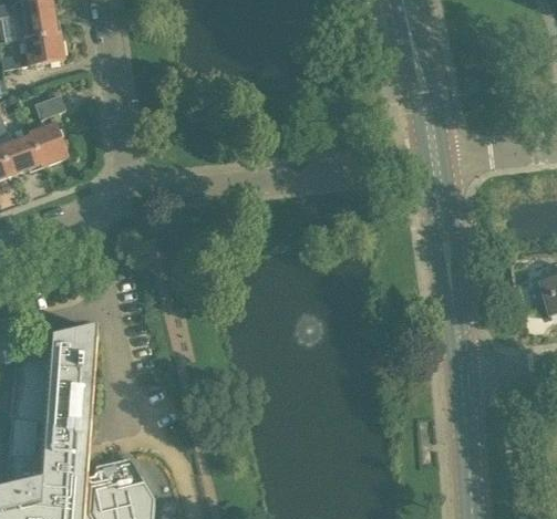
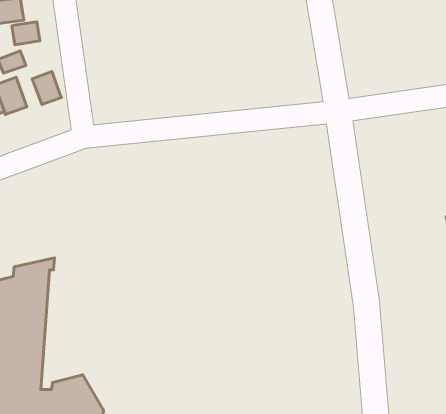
building: none -> [12,22,40,45]
building: none -> [32,71,61,105]

